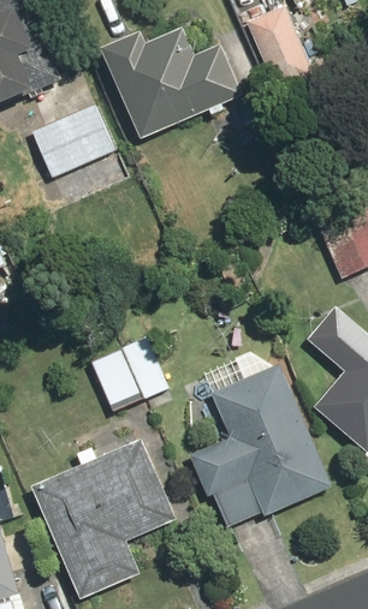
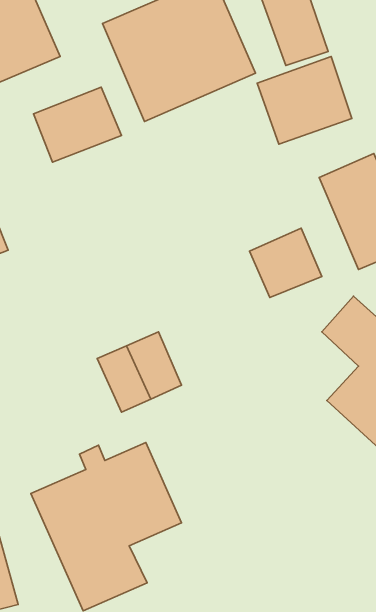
building: none -> [257,56,352,144]
building: none -> [249,228,322,298]
building: [189,362,336,523] -> none

